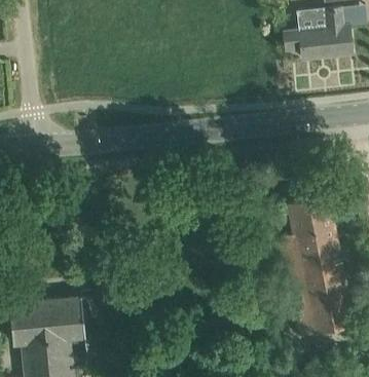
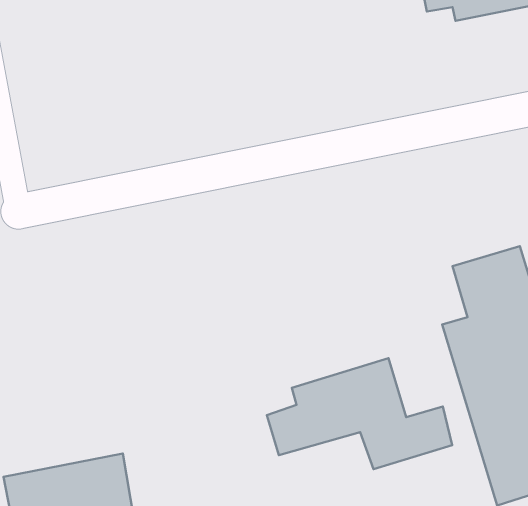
building: none -> [267,358,452,469]

